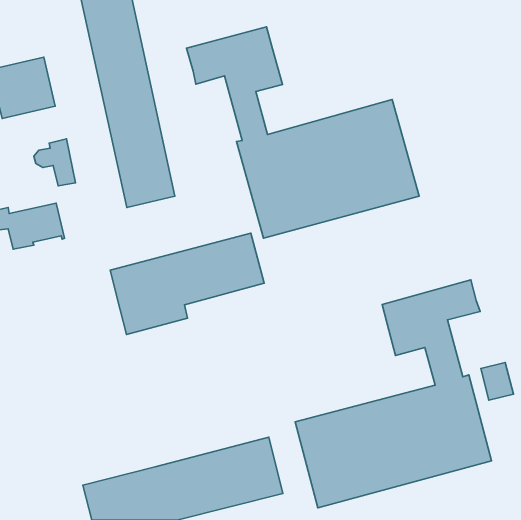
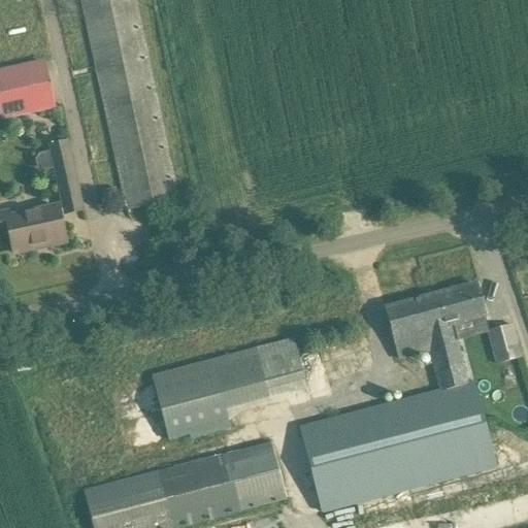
building: [186,27,419,238] -> none
building: [110,233,264,334] -> [151,337,306,439]
building: [481,363,514,400] -> [488,324,521,362]

